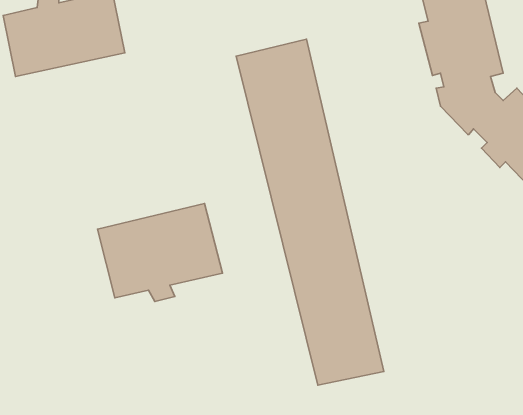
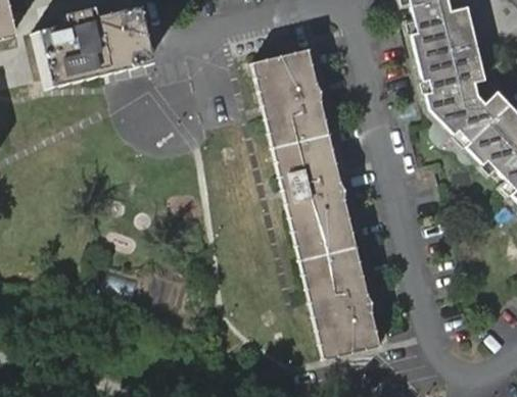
building: [97,203,222,301] -> none

